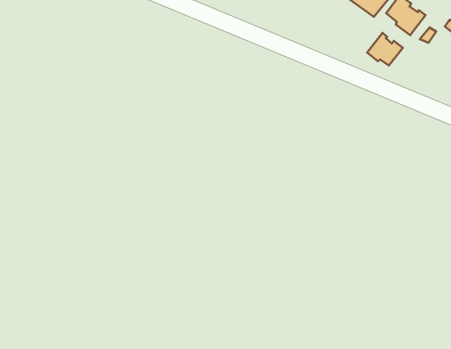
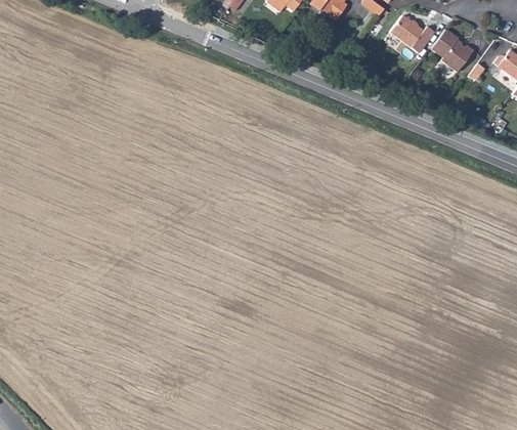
building: [367,33,403,65] -> none

